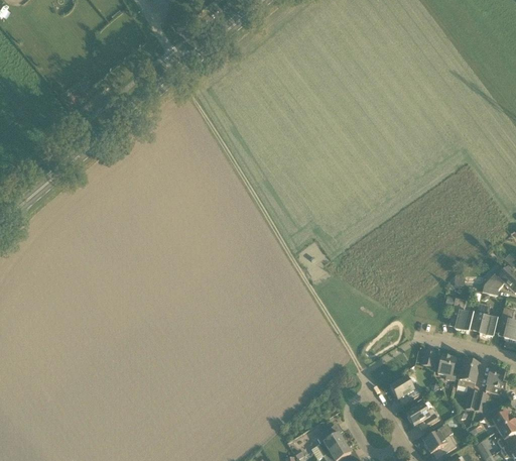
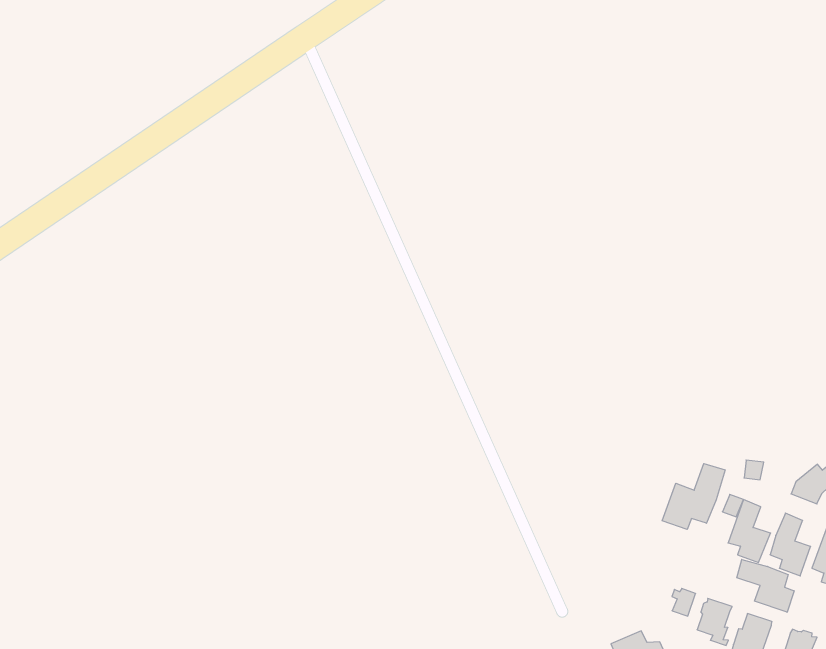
building: none -> [662,464,725,529]
building: none -> [737,559,794,612]

